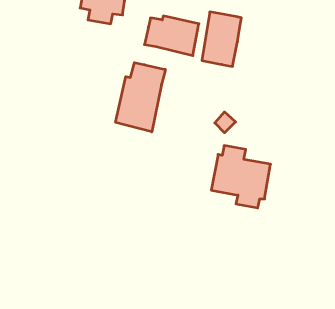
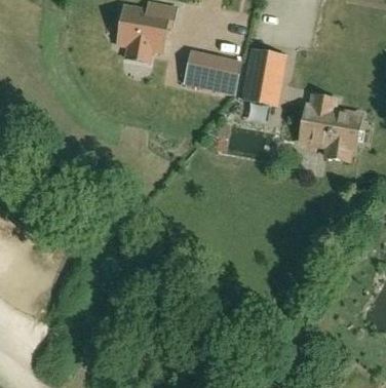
building: [116,63,165,132] -> none
building: [211,146,271,208] -> [299,95,360,160]

